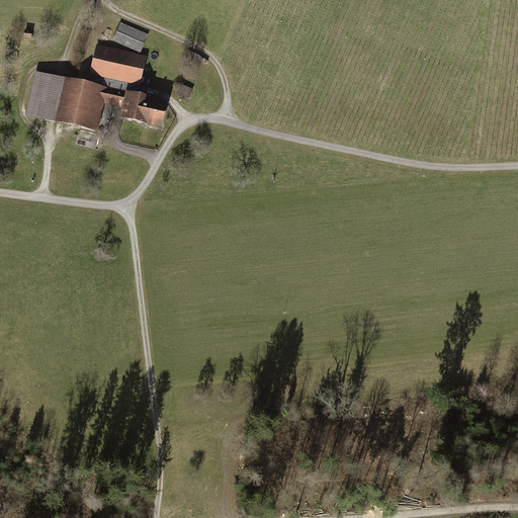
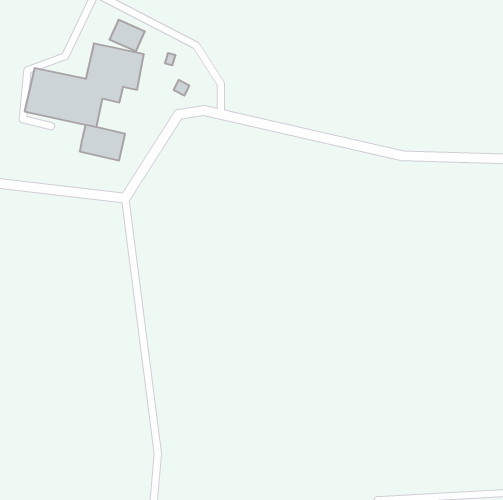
building: [120,89,167,125] -> [80,125,125,160]

